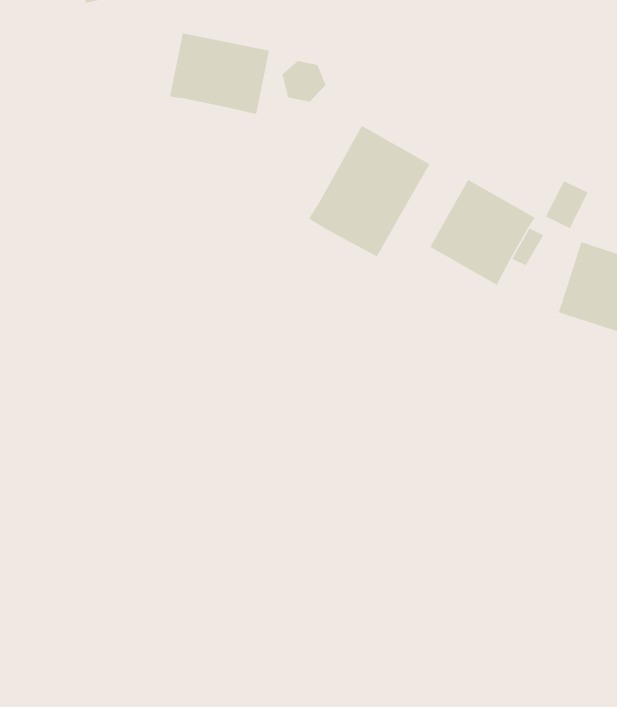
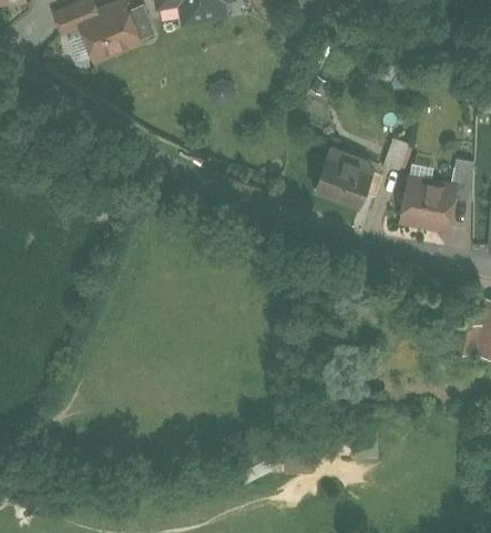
building: [169,32,270,115] -> none
building: [308,125,430,258] -> none

